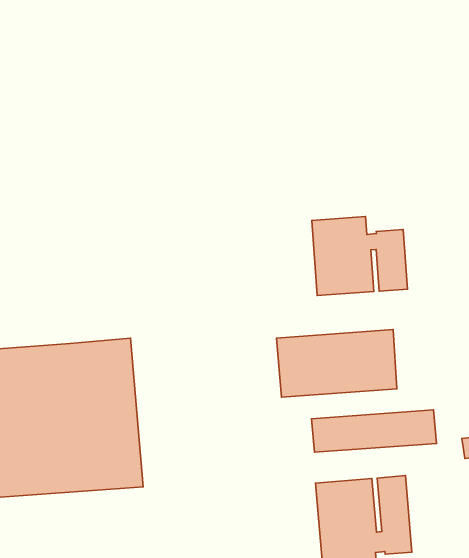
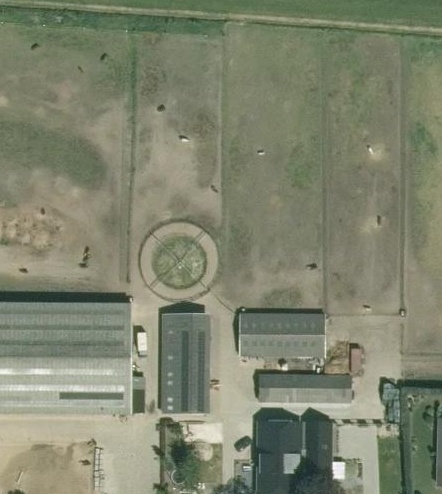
building: [312,217,407,296] -> none
building: none -> [161,312,210,412]

